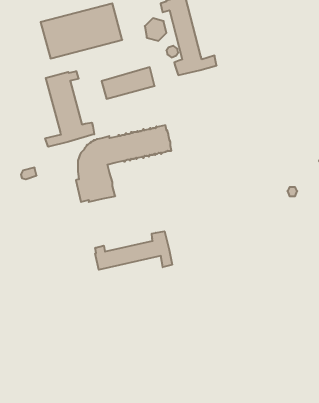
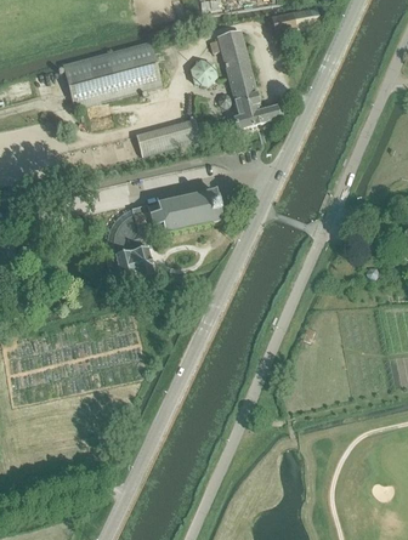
building: [45,71,94,147] -> none
building: [95,231,172,270] -> none

